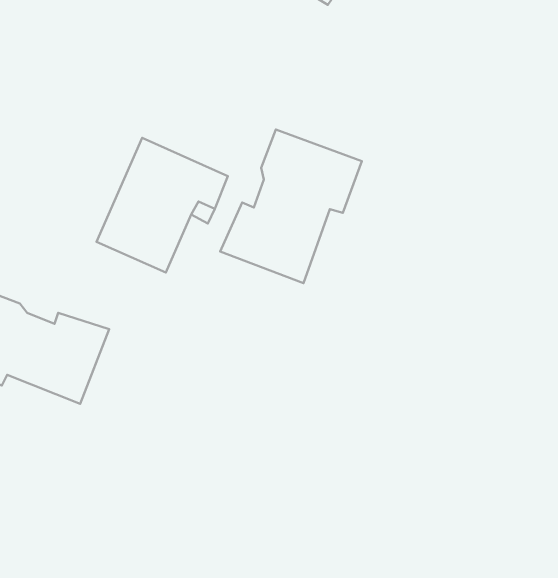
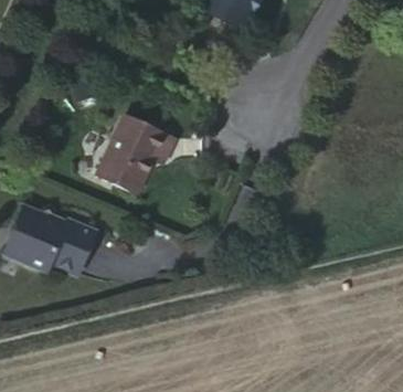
building: [220,129,362,283] -> none

